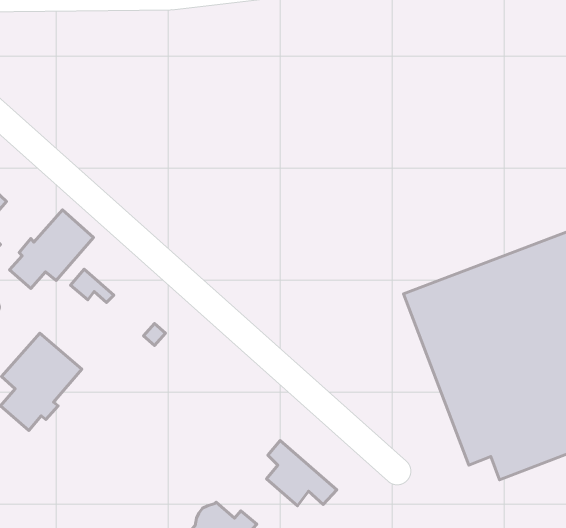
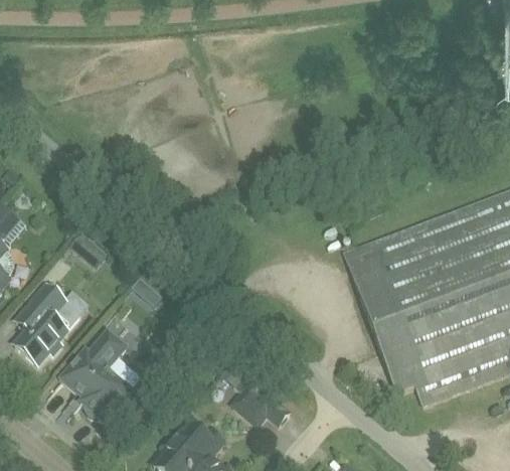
building: [10,210,93,289] -> none
building: none -> [58,329,132,422]

